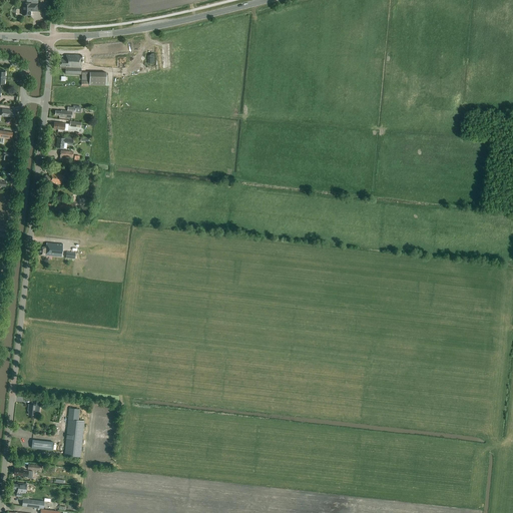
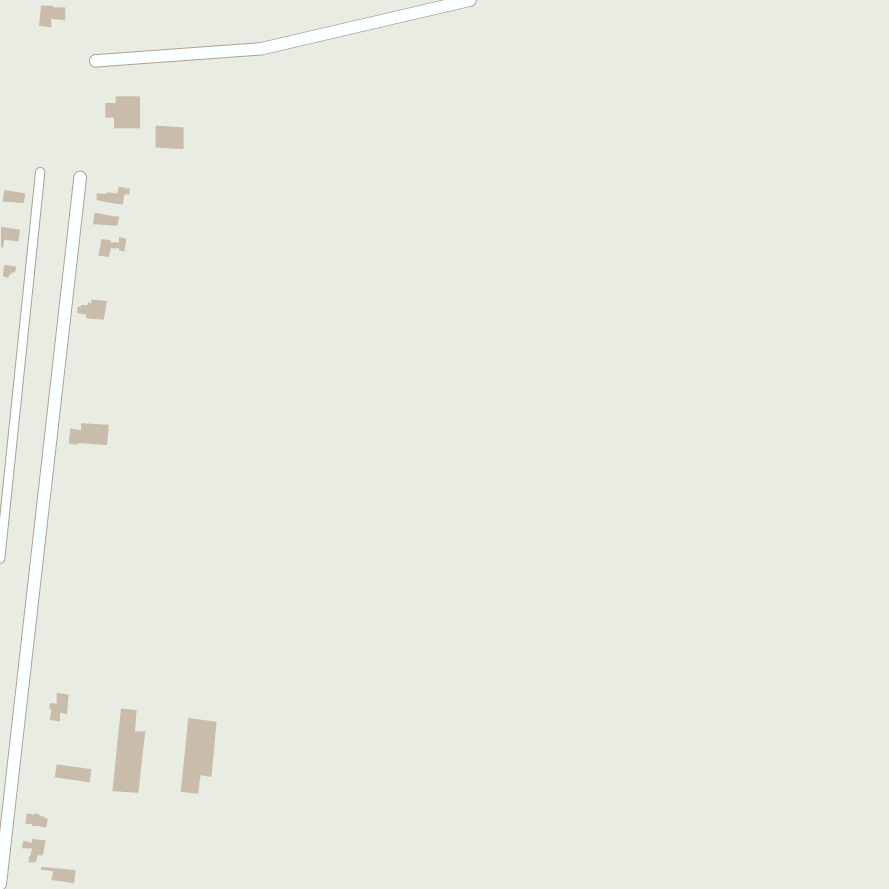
building: none -> [180,717,217,795]

